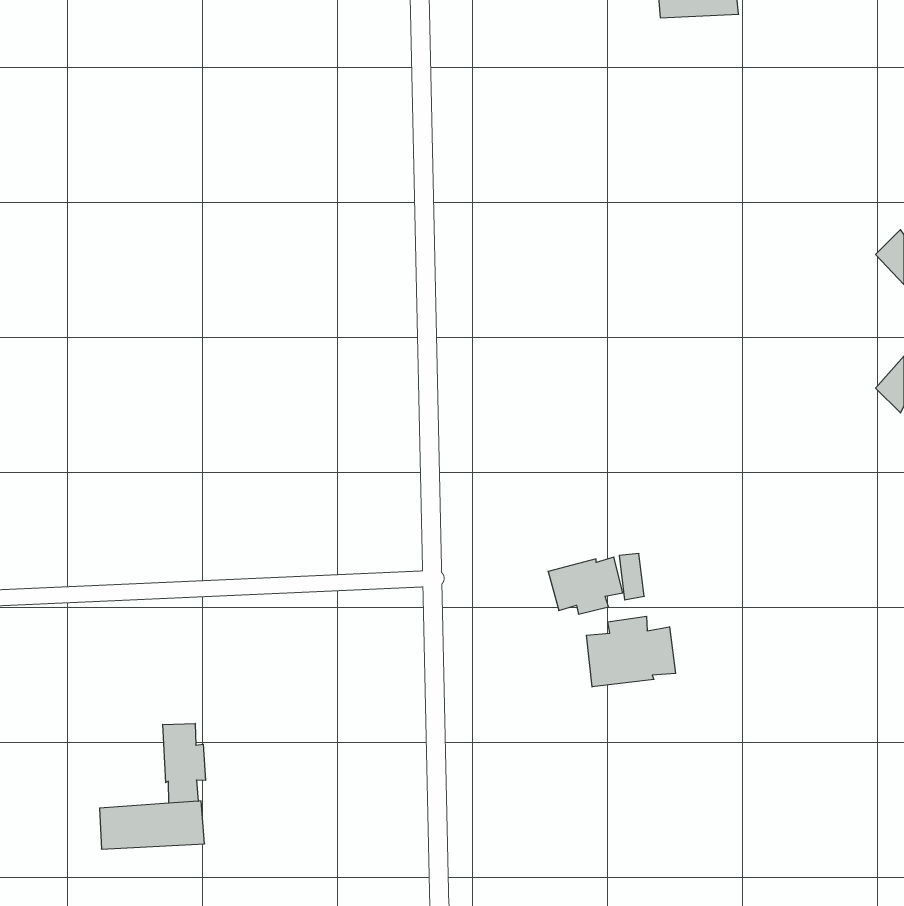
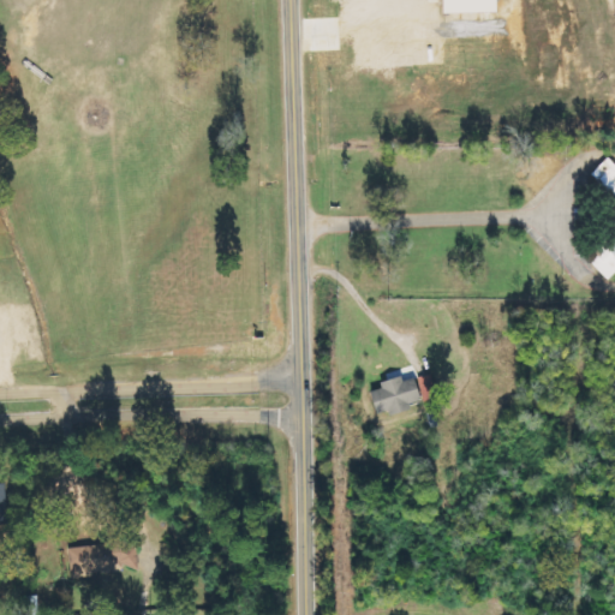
building: [586,616,676,687] -> none
building: [163,723,205,803] -> none

